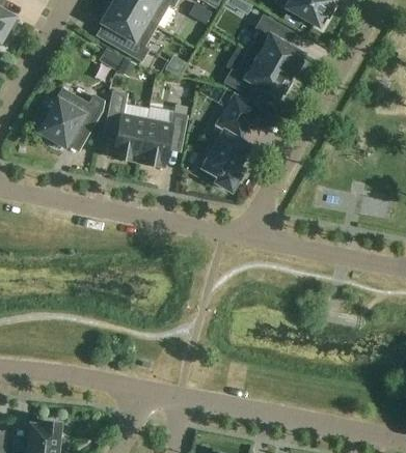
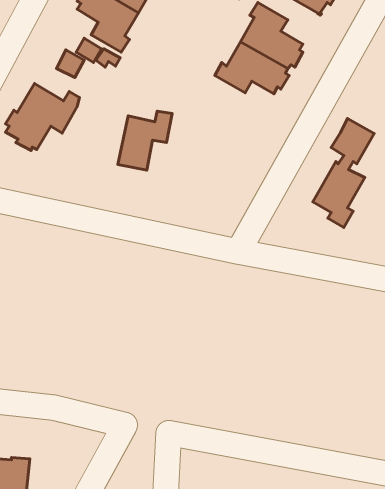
building: [107,90,147,161] -> none
building: [204,92,259,190] -> [313,119,374,227]

